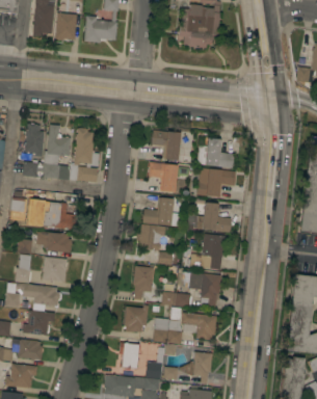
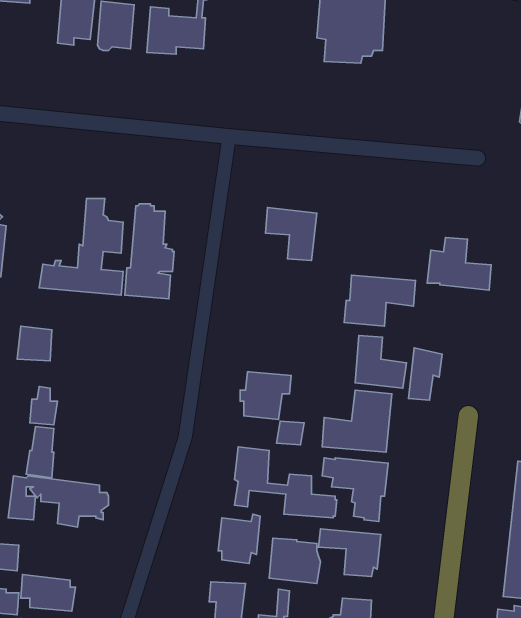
building: [25,124,45,157] -> none
building: [197,138,234,168] -> [427,237,491,290]
building: [149,162,178,192] -> none
building: [142,197,180,227] -> none
building: [42,202,76,230] -> none
building: none -> [408,348,442,400]
building: [37,232,72,252] -> none
building: [43,257,68,283] -> none
building: [23,311,55,336] -> none

